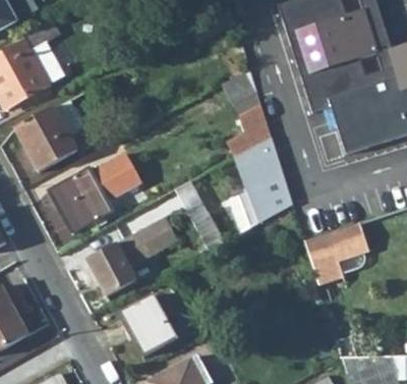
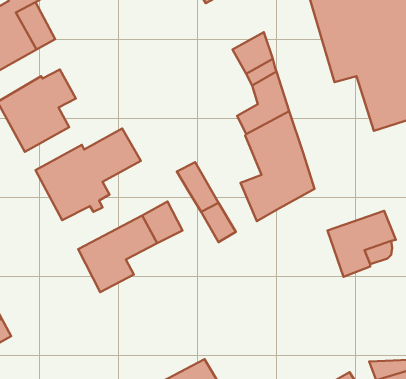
building: [119,294,176,355] -> none

